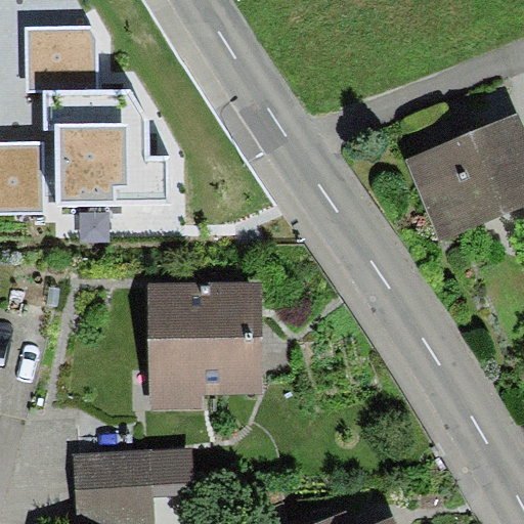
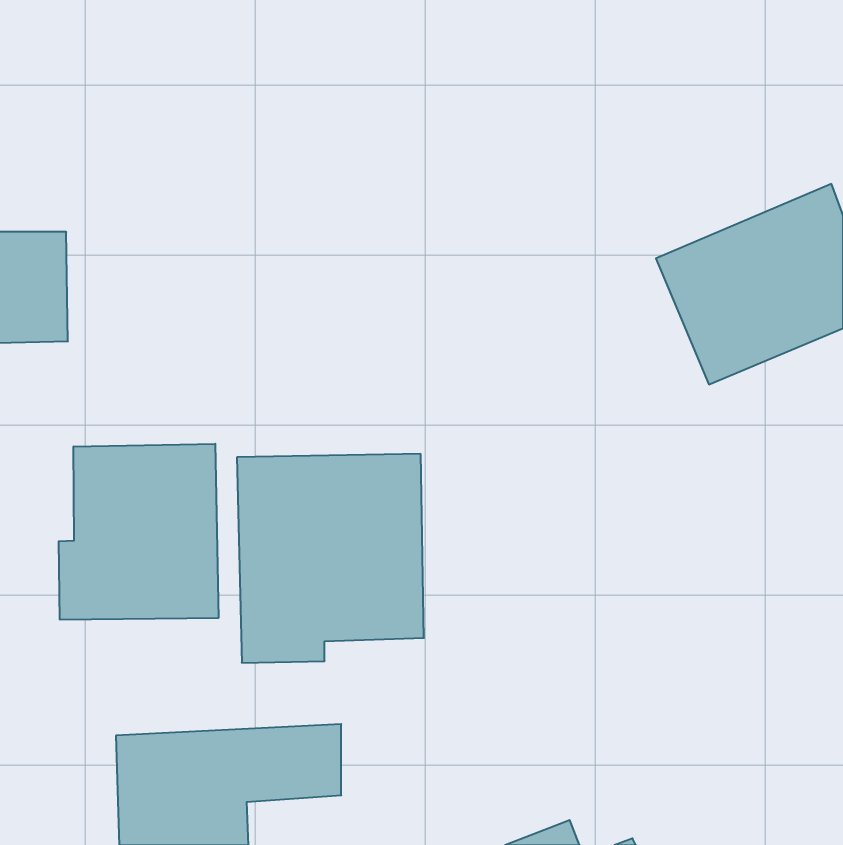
building: [23,27,169,205] -> none
building: none -> [59,444,218,620]

